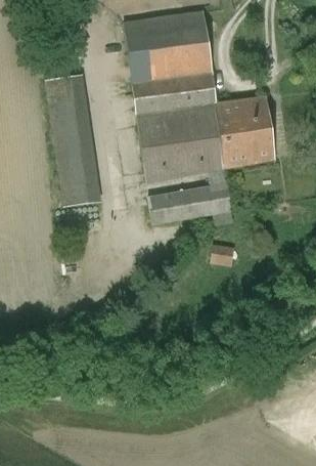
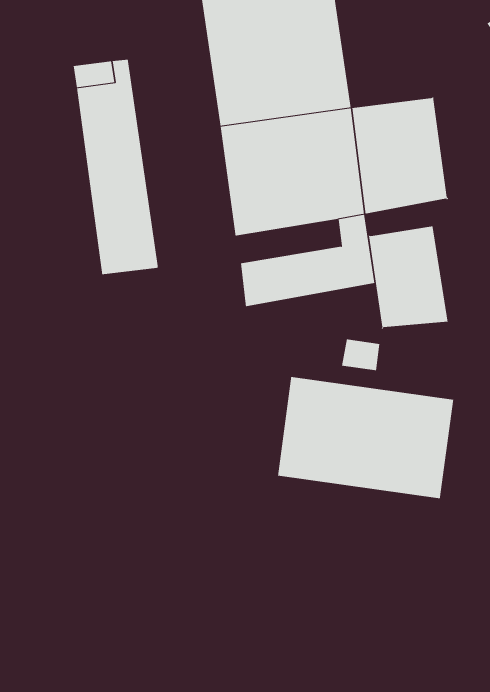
building: none -> [368,225,448,329]
building: none -> [277,376,454,499]

